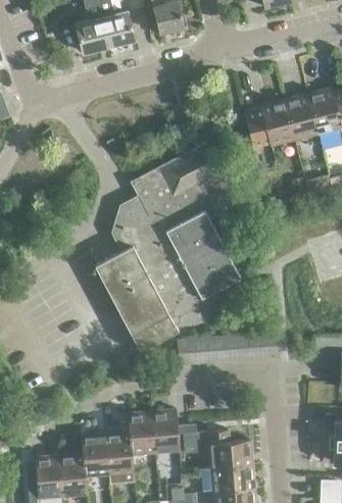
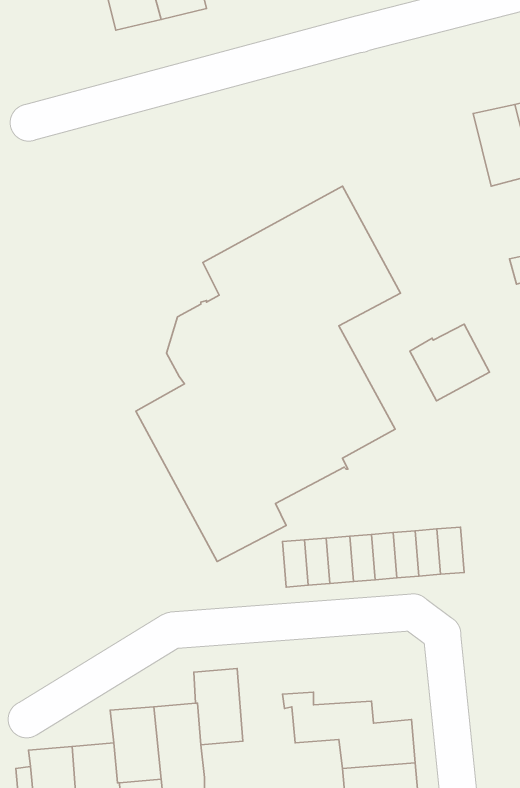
building: [245,99,295,147] -> none
building: none -> [410,324,490,401]
building: [152,409,180,452] -> none

